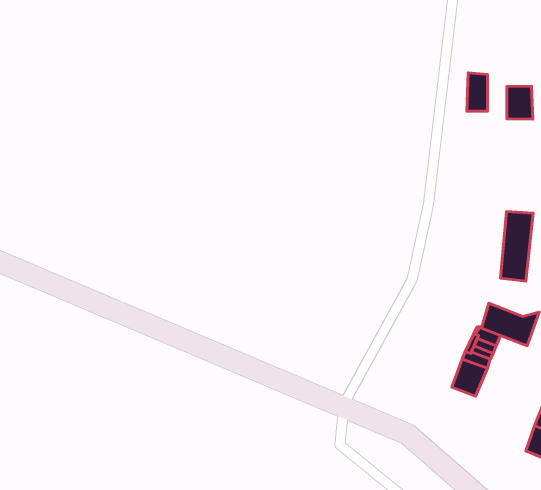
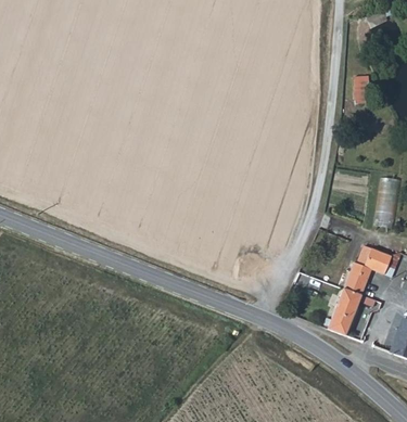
building: [507,86,533,119] -> none
building: none -> [327,305,354,334]

